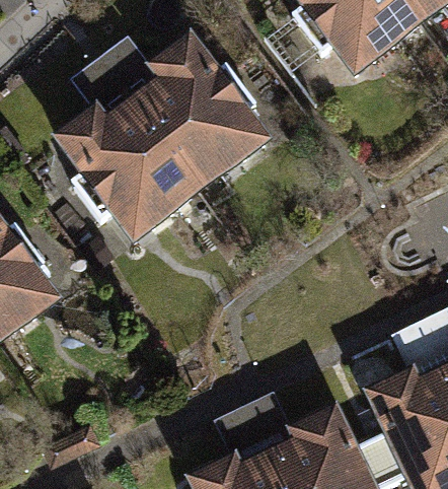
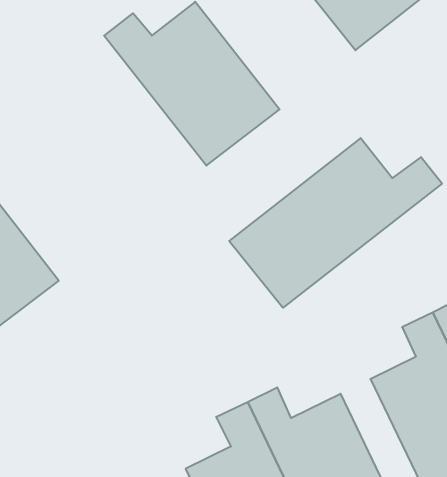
building: [57,59,207,238] -> none
building: none -> [229,138,442,308]

